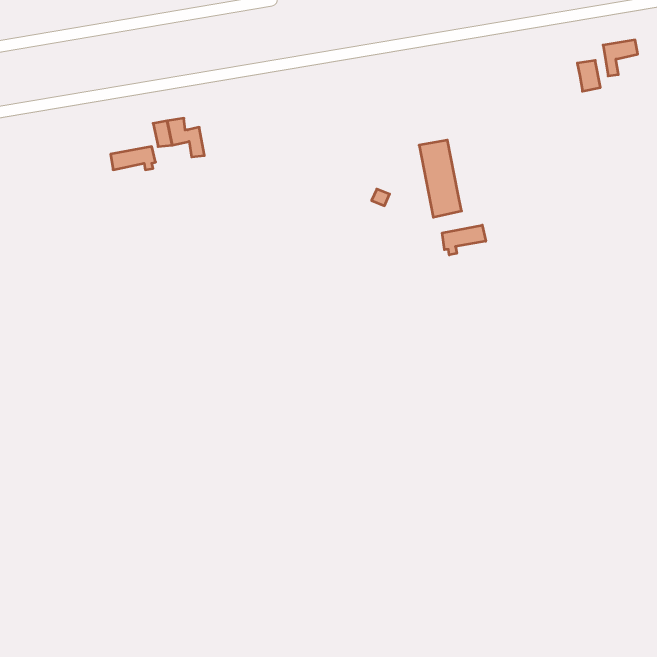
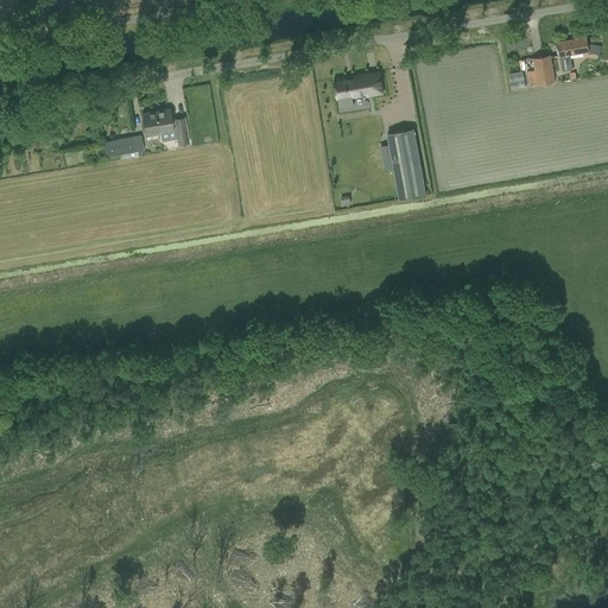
building: none -> [332,71,382,108]
building: [442,225,486,255] -> none

